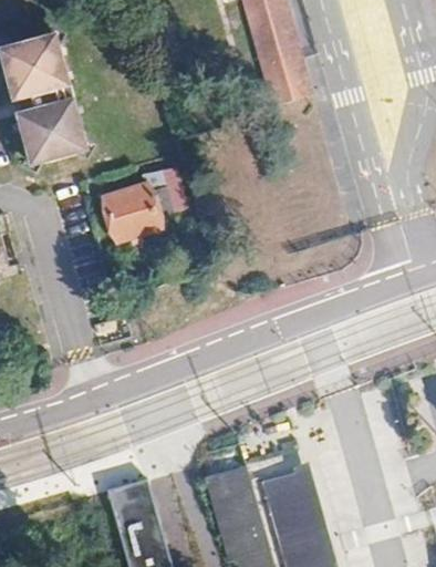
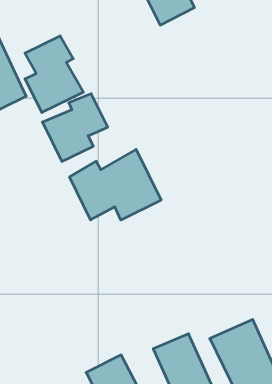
building: none -> [25,36,83,113]
building: none -> [70,149,161,220]

